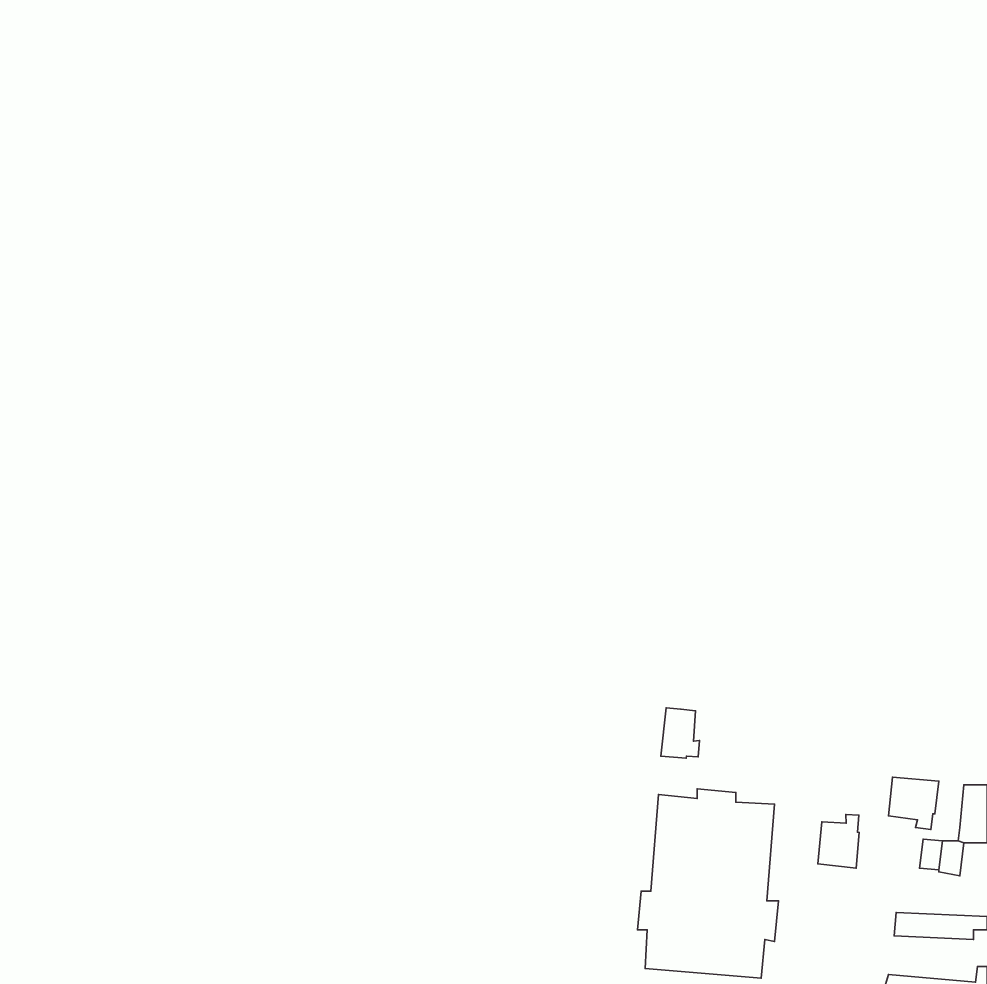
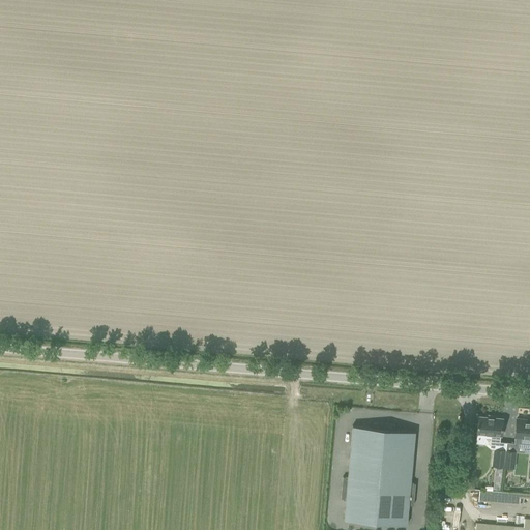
building: [661,708,700,758] -> none
building: [818,815,859,868] -> none

